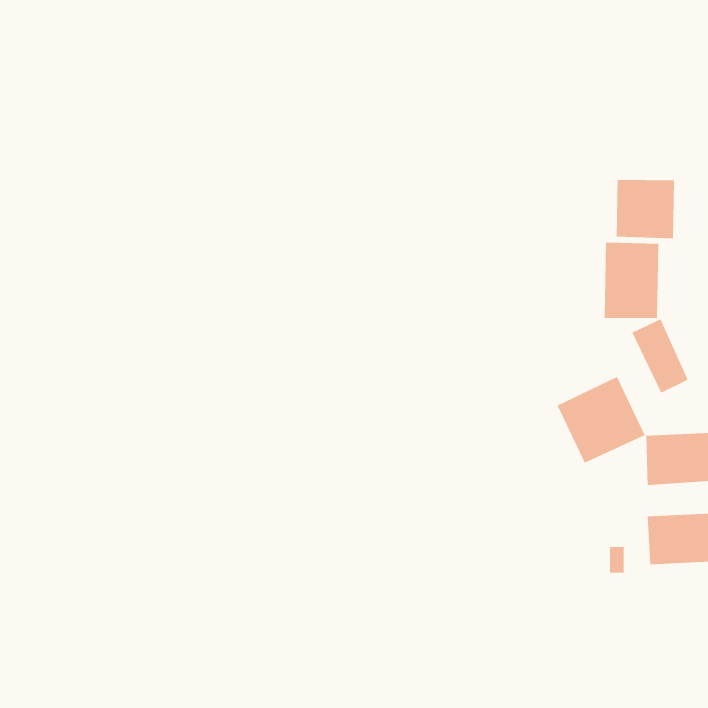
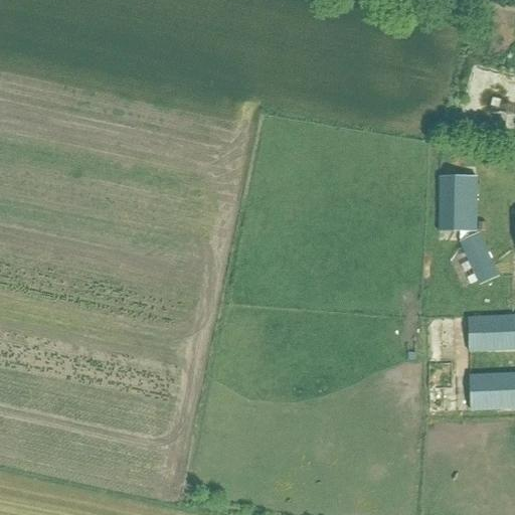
building: [616,179,675,239] -> none
building: [557,376,645,463] -> none

